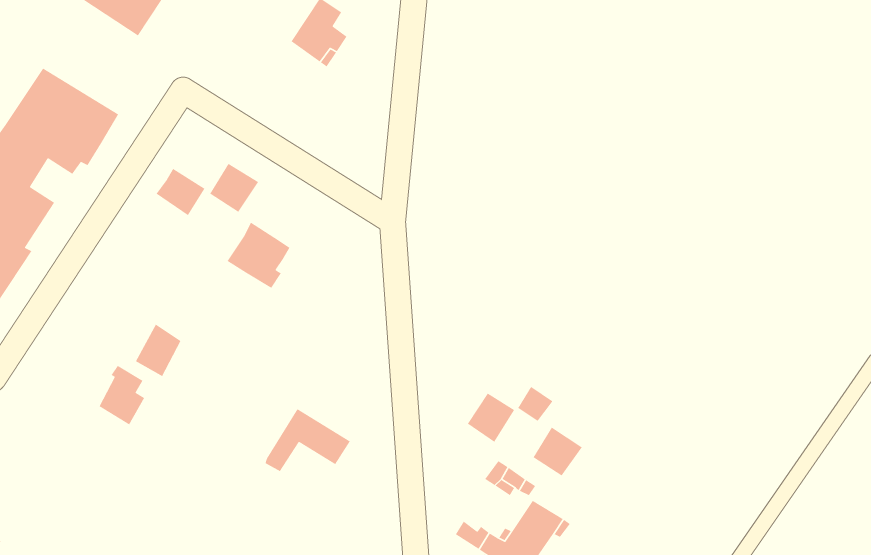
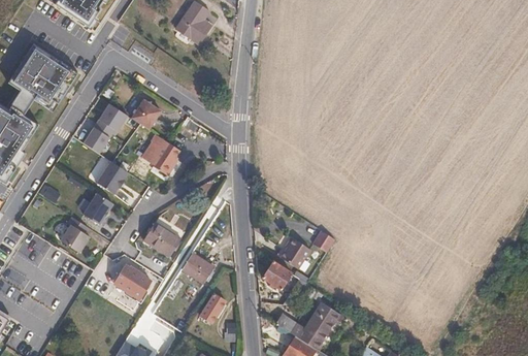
building: none -> [81,125,109,152]
building: none -> [96,163,126,196]
building: none -> [143,220,178,253]
building: [533,426,583,477] -> [263,259,293,289]
building: none -> [120,264,156,299]
building: none -> [201,291,228,322]

